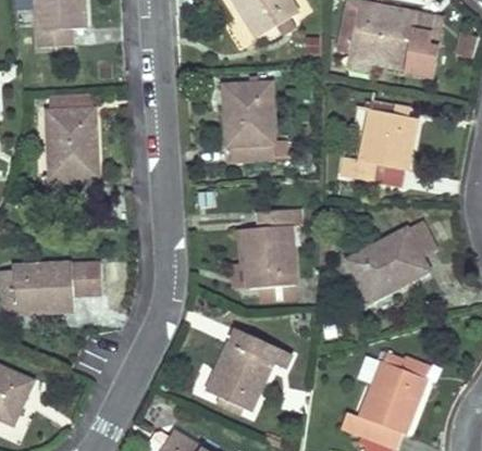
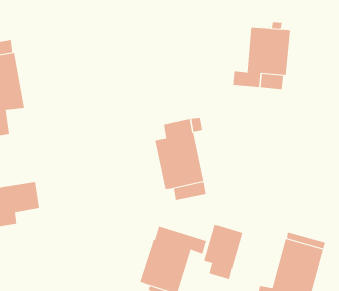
building: [224,84,286,162] -> none
building: [347,221,436,301] -> none
building: none -> [203,224,243,280]

